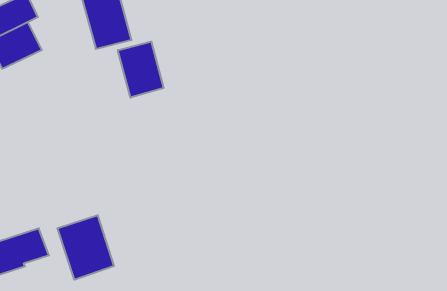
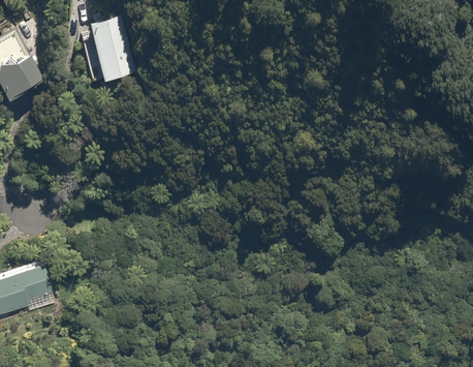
building: [118,42,164,98] -> none
building: [58,215,114,280] -> none

